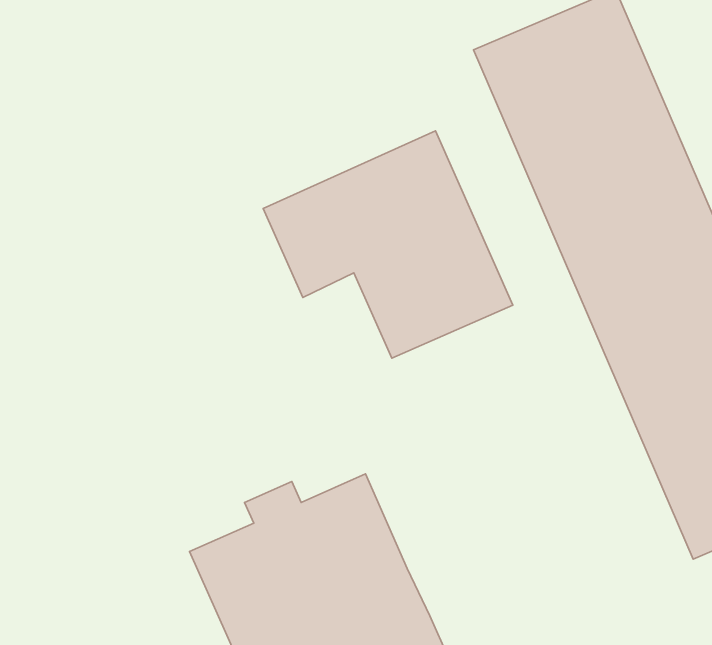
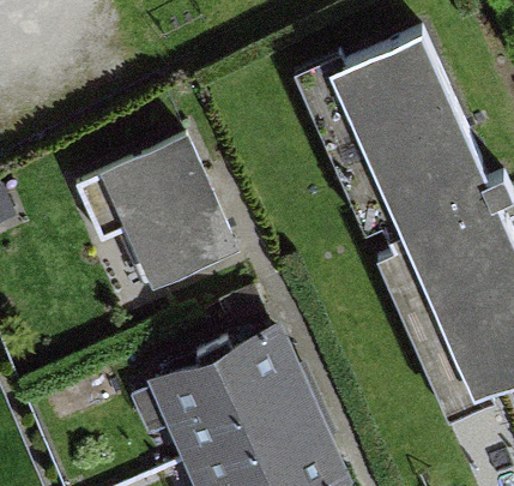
building: [263,131,513,358] -> [72,144,230,288]

